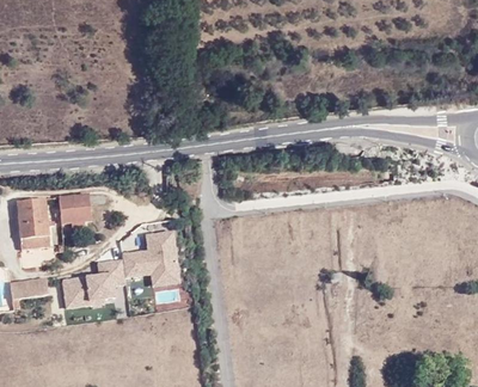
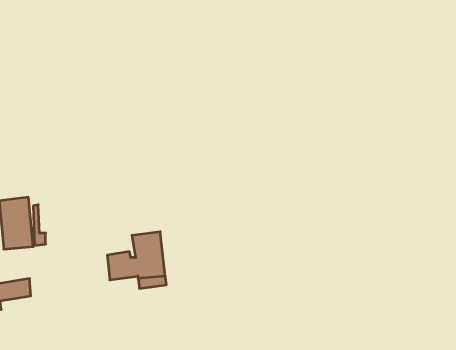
building: [57,195,90,223] -> none
building: [62,262,115,307] -> none

